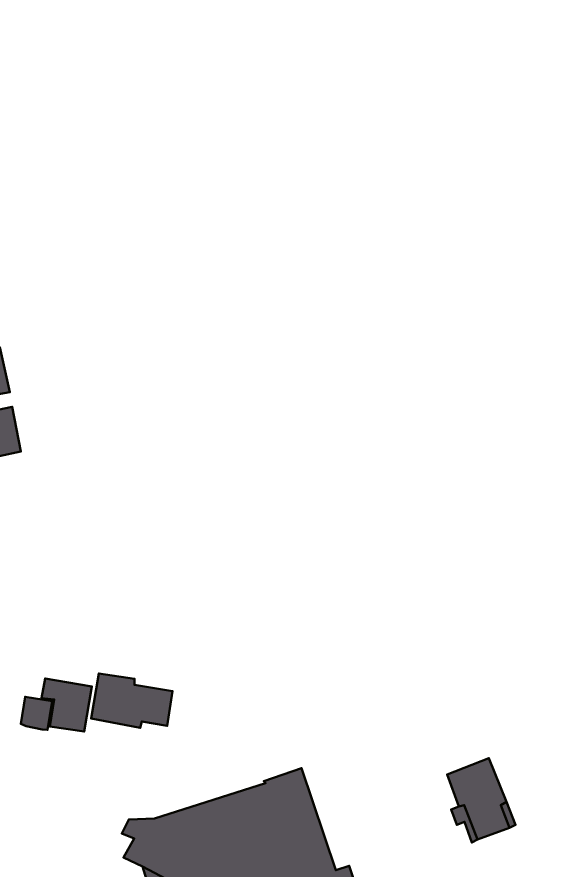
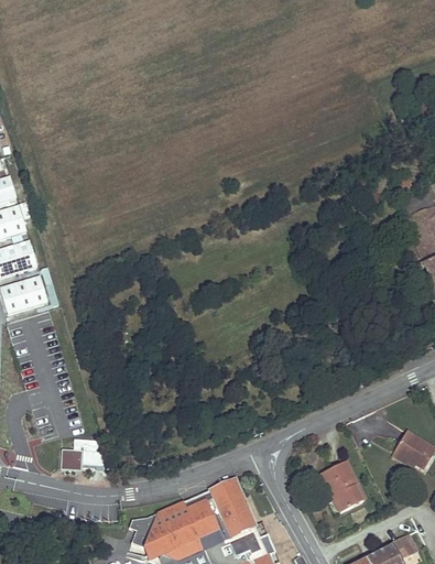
building: [91,674,172,728] -> none

